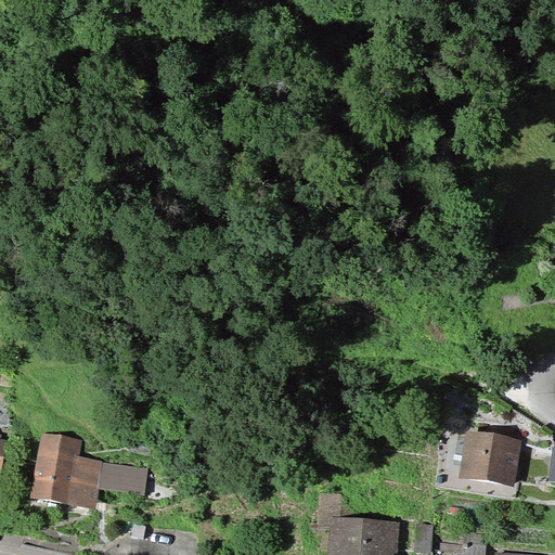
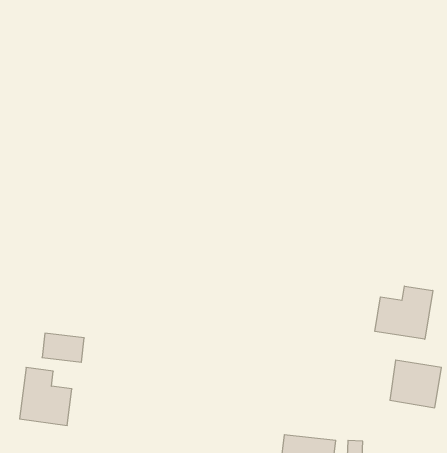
building: none -> [375,286,433,339]
building: [96,461,145,494] -> [42,333,84,362]

